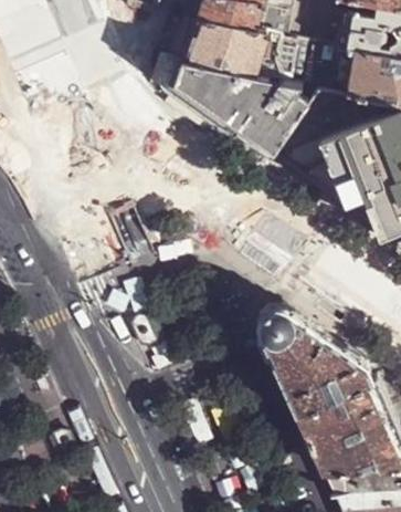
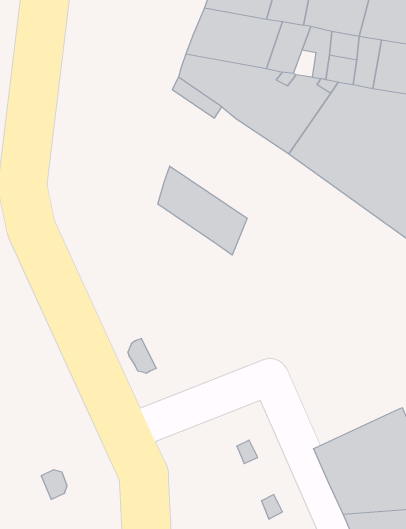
building: none -> [158,166,247,255]
building: [257,309,371,417] -> none

